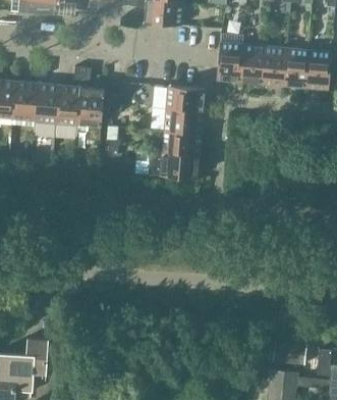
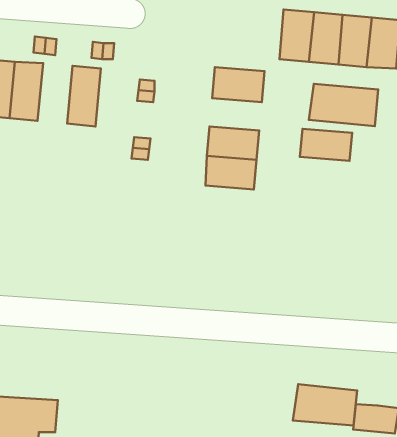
building: [33,81,59,127] -> none
building: [76,85,103,143] -> none
building: none -> [309,84,378,126]
building: [163,107,203,132] -> [300,129,352,161]
building: none -> [293,384,357,426]

